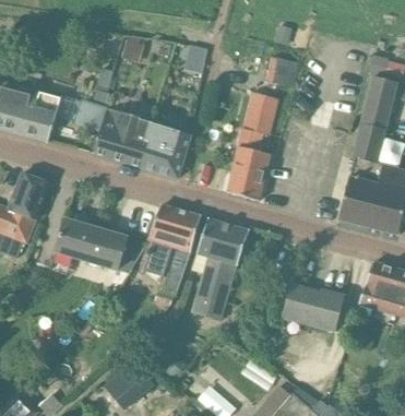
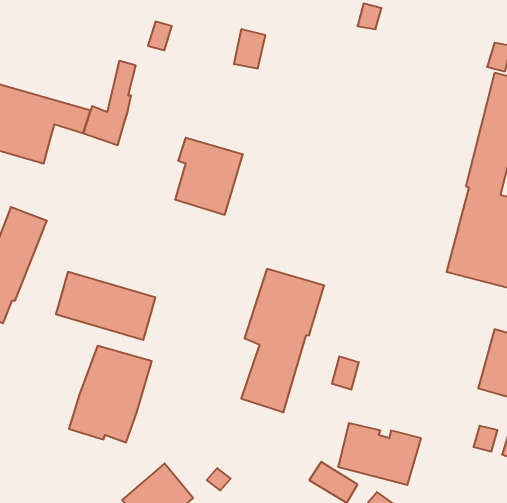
building: [266,57,300,85] -> none
building: [228,93,278,201] -> none
building: [94,106,150,167] -> none
building: [141,204,201,274] -> [69,346,152,442]
building: [284,285,344,330] -> [338,423,421,485]

